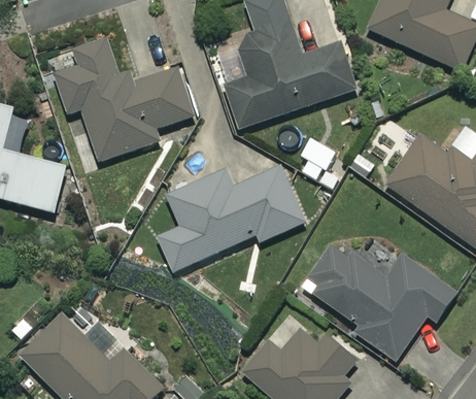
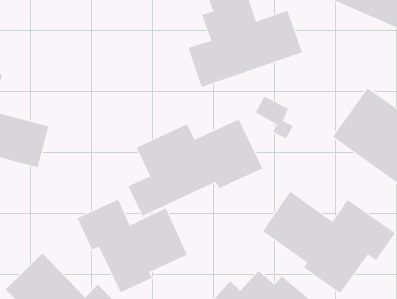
building: [54,39,194,161] -> none
building: none -> [77,199,187,293]

